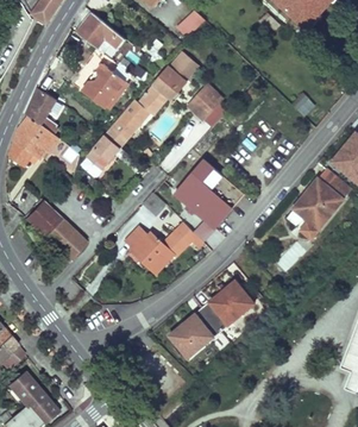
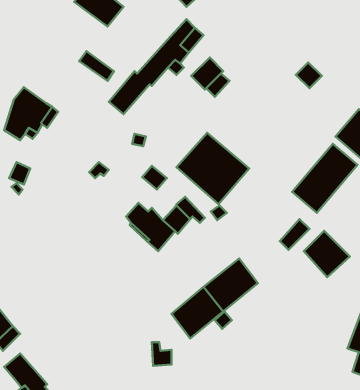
building: [89,63,128,100] -> none
building: [26,87,56,131] -> none
building: [88,130,125,169] -> none
building: [27,200,88,262] -> none
building: none -> [304,231,350,277]

